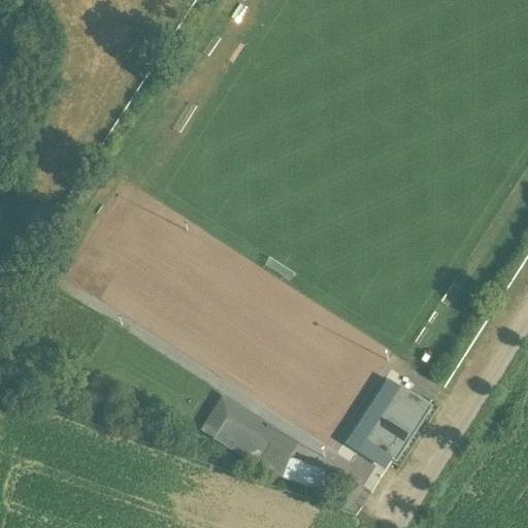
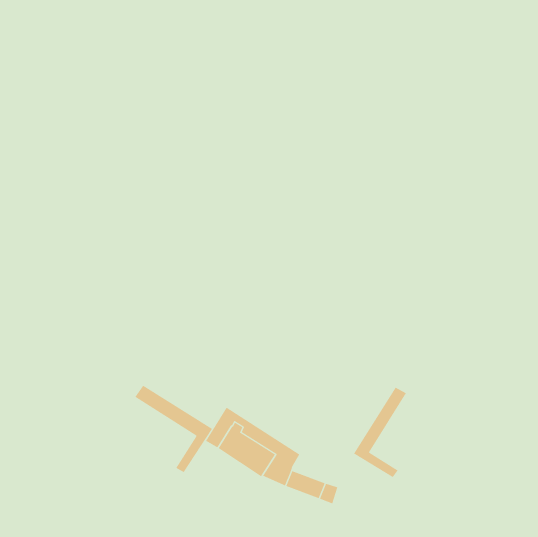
building: none -> [134,385,213,473]
building: [361,384,431,462] -> none

